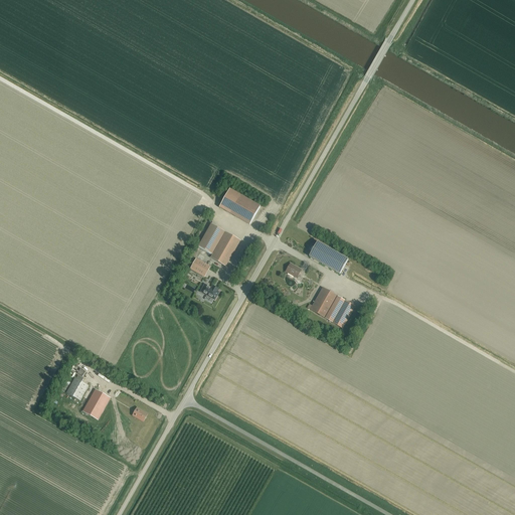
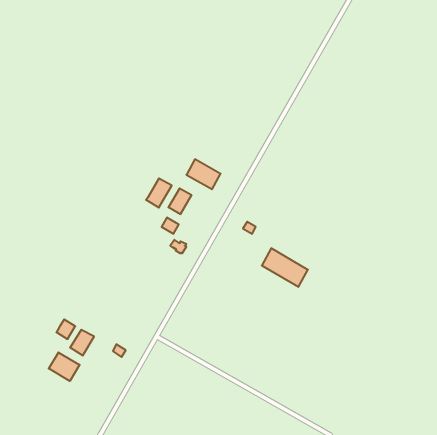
building: [210,229,240,264] -> [146,178,172,208]
building: [307,239,347,273] -> none
building: none -> [49,352,80,381]

